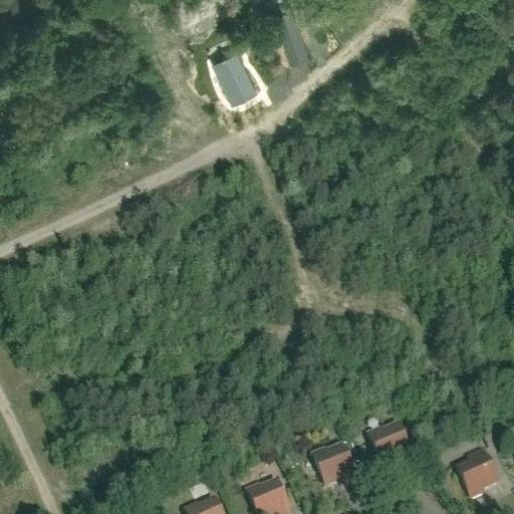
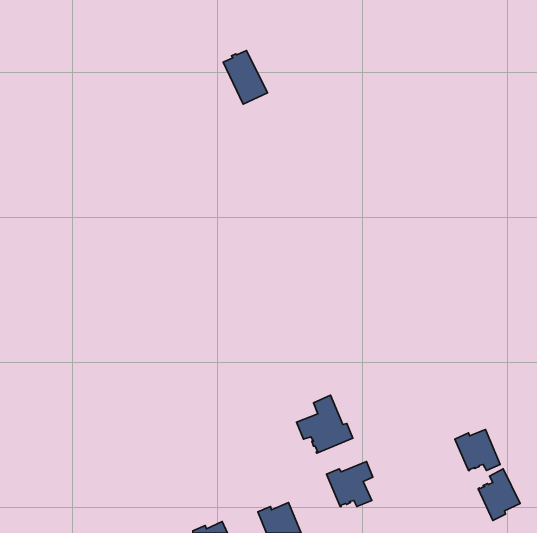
building: none -> [296,395,353,453]
building: [367,423,411,462] -> [455,430,500,471]

